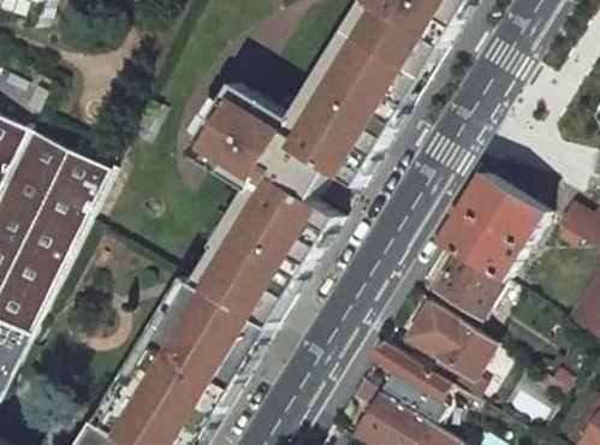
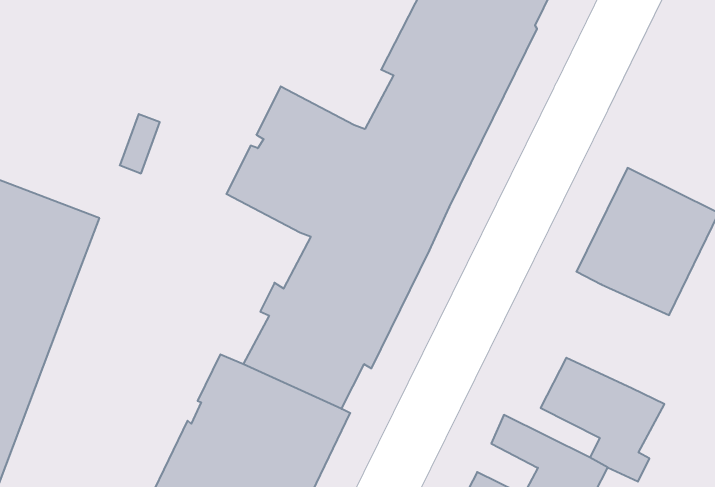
building: [426,250,501,326] -> none

